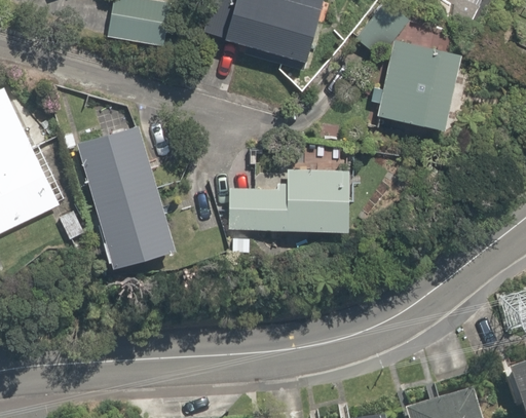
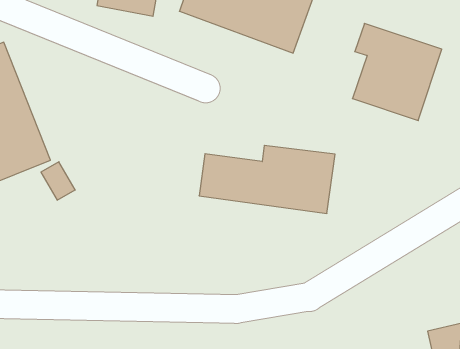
building: [73,117,199,286] -> none

